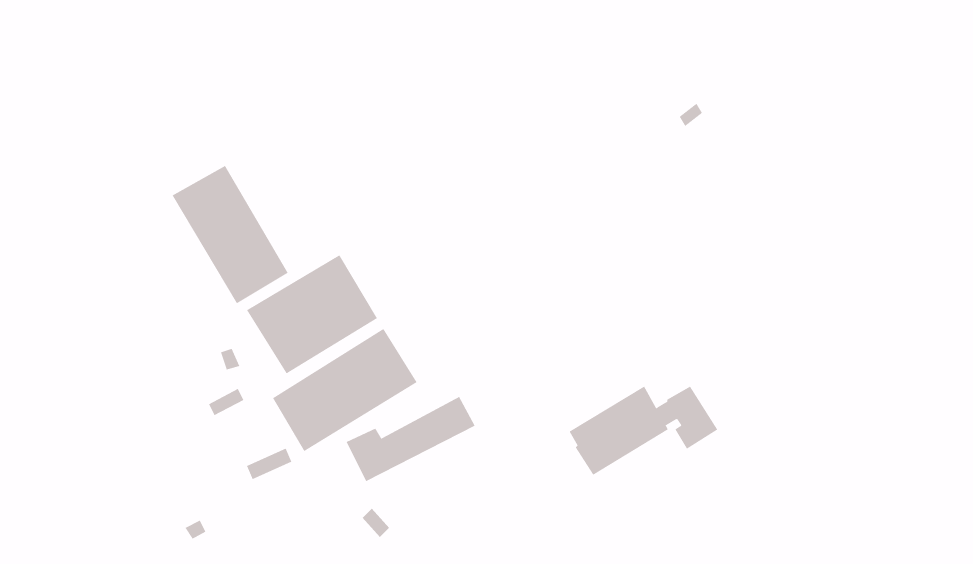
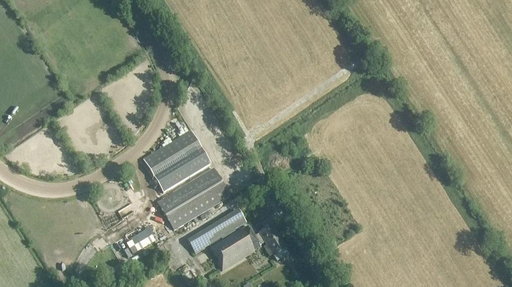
building: [172,165,289,304] -> none
building: [569,386,718,475] -> [209,225,284,270]

